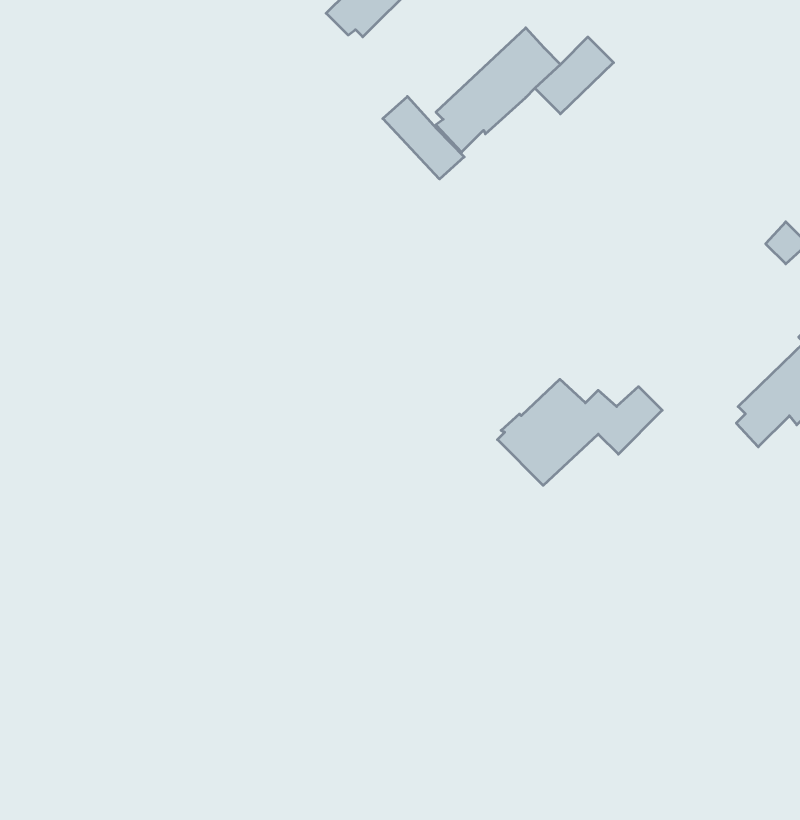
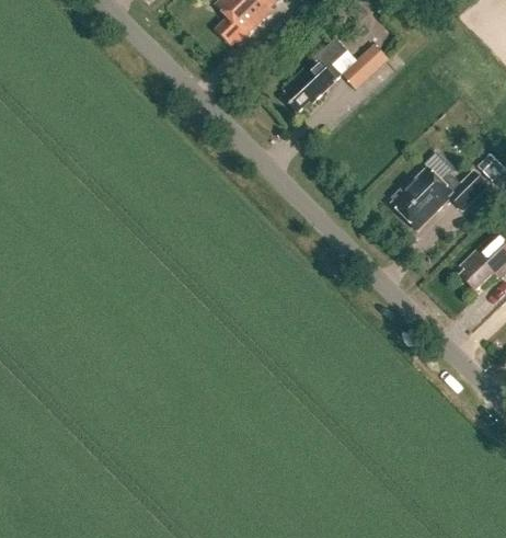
building: [383,96,464,179] -> none
building: [497,379,662,485] -> [390,167,488,230]

